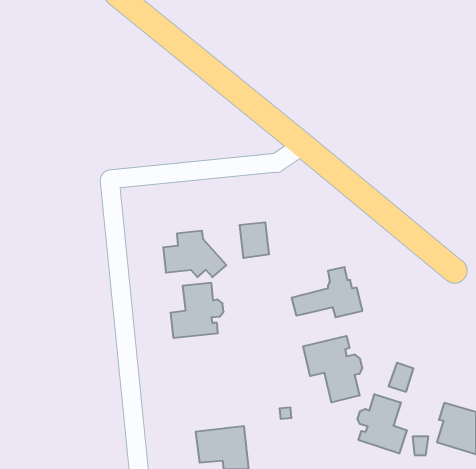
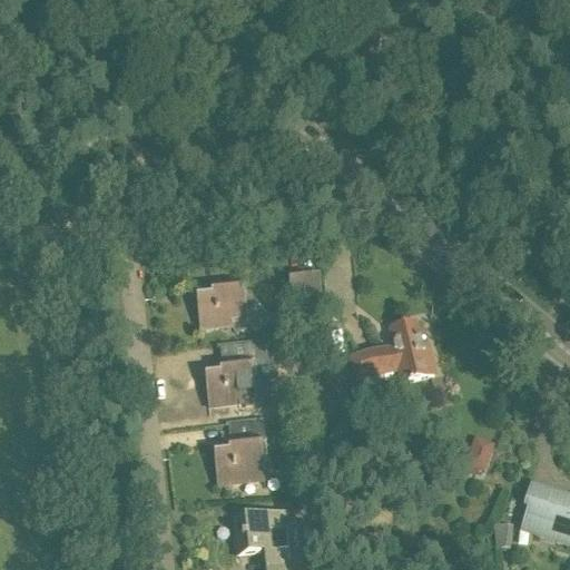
building: [303,336,362,403] -> none
building: none -> [213,416,264,483]
building: [358,394,407,453] -> none

